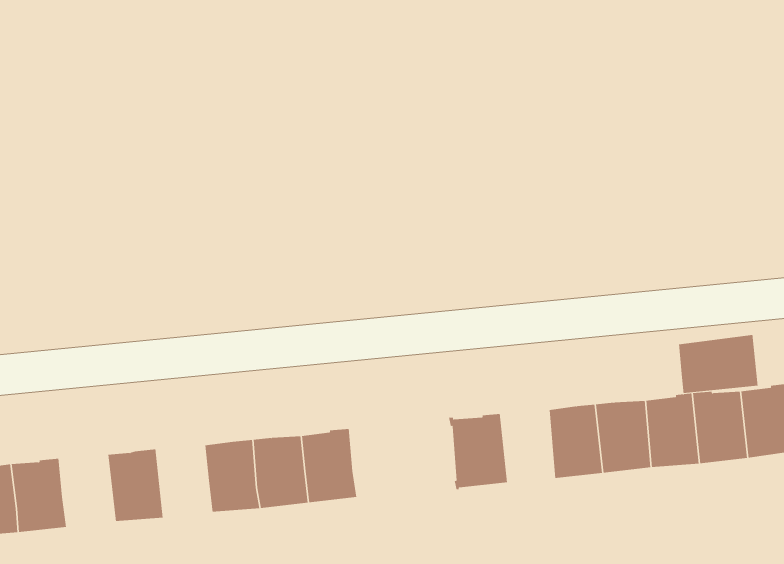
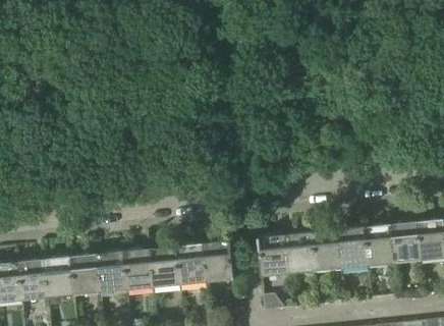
building: [679,334,758,394] -> none
building: none -> [285,231,315,271]
building: none -> [203,238,234,279]
building: none -> [97,251,127,290]
building: none -> [44,256,74,295]

